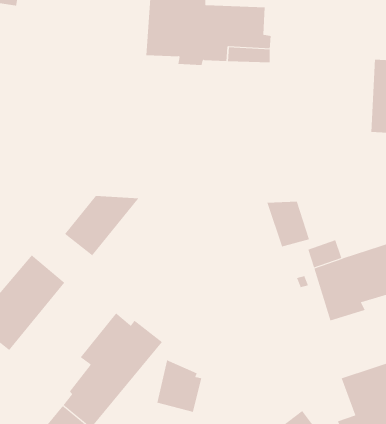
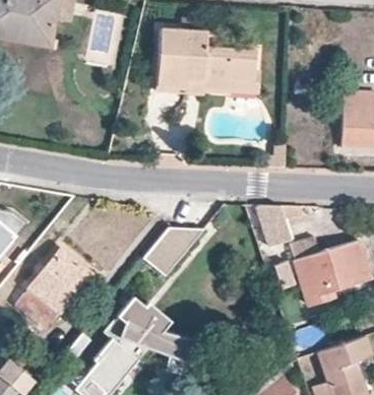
building: [64,196,140,256] -> [142,228,204,278]

